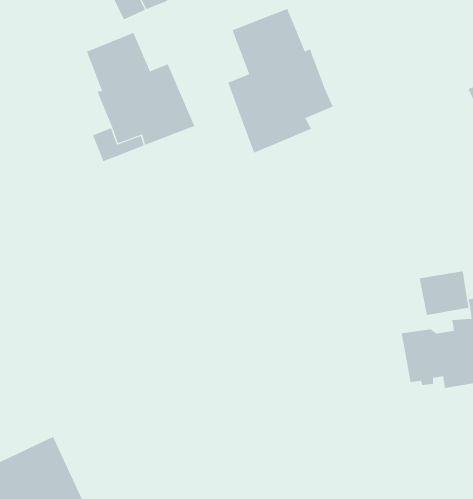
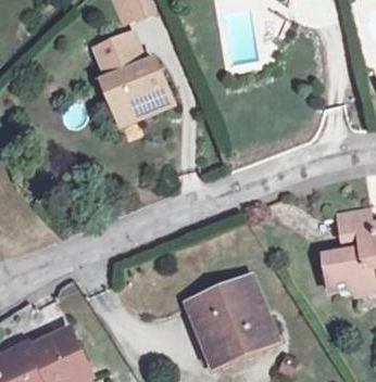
building: [227,8,334,153] -> none
building: none -> [189,278,277,358]

